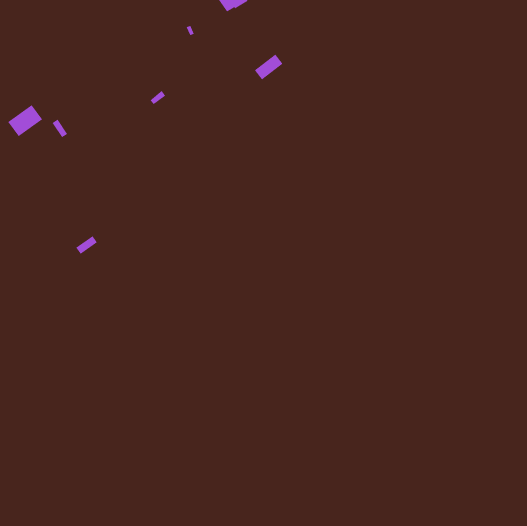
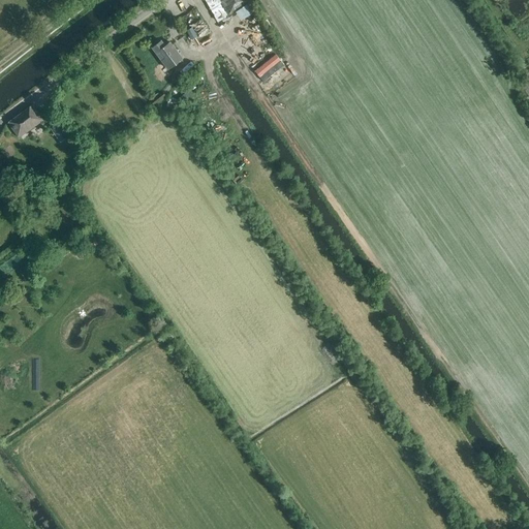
building: none -> [152,40,182,68]

